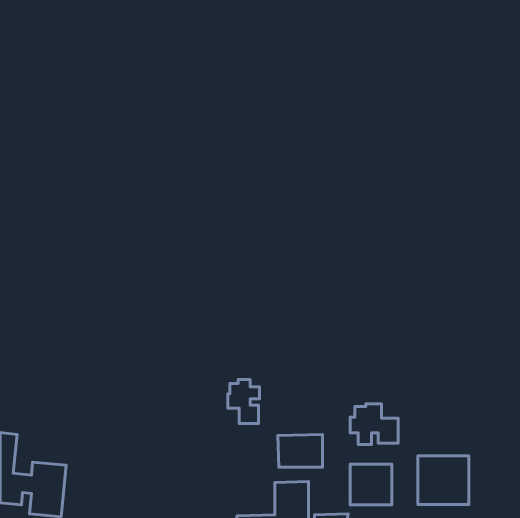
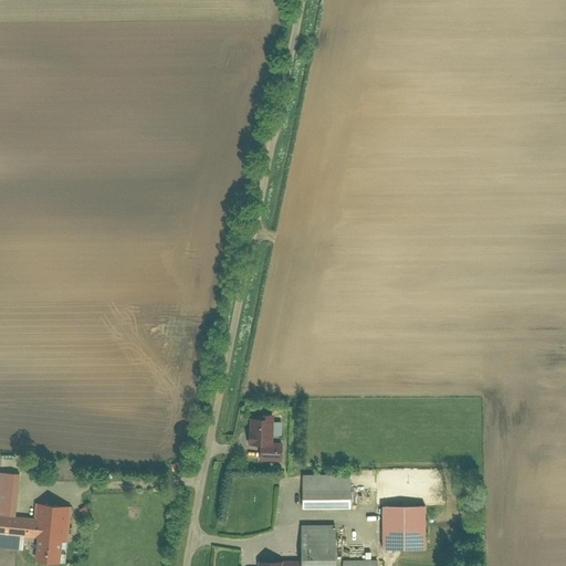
building: [350,404,398,444] -> none
building: [418,456,469,504] -> none

